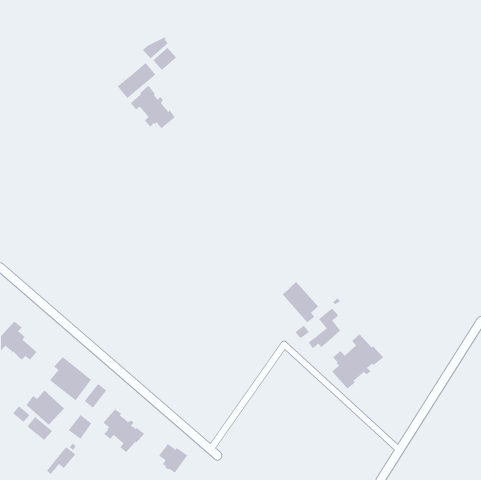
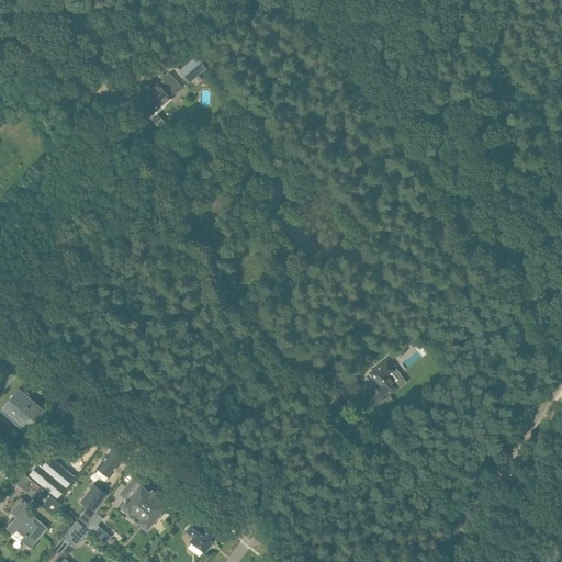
building: [130,85,175,129] -> none
building: [282,281,319,323] -> none
building: [331,334,384,389] -> none
building: [49,356,92,401] -> none
building: none -> [7,498,47,549]

